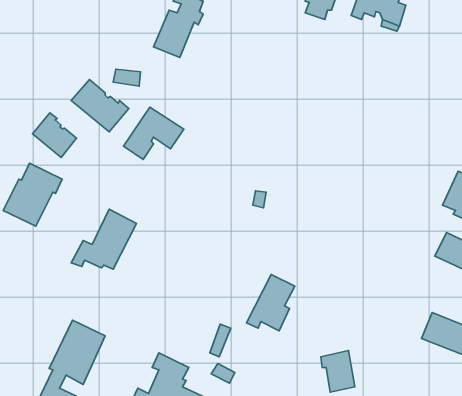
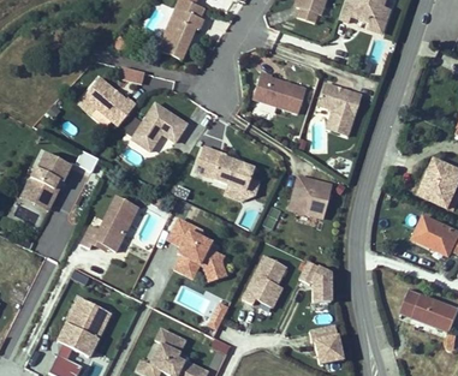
building: none -> [251,68,305,112]
building: none -> [316,82,359,135]
building: [33,113,77,157] -> none
building: none -> [192,145,251,189]
building: none -> [287,173,329,215]
building: none -> [167,219,227,279]
building: none -> [301,261,329,311]

